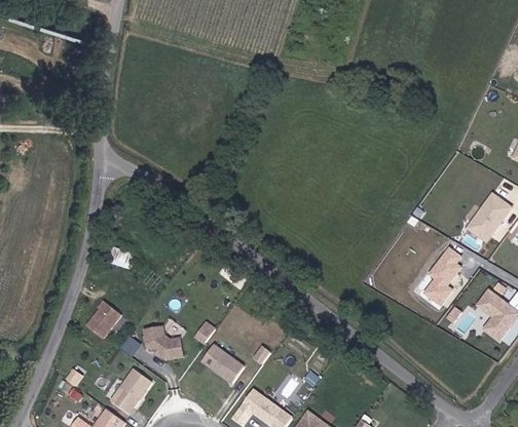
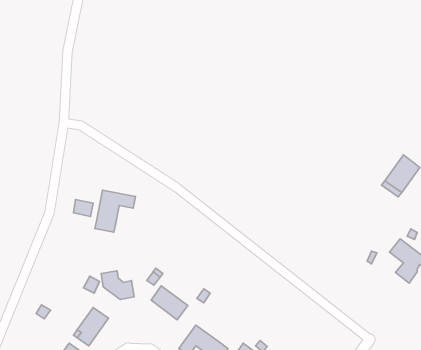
building: none -> [95,190,136,232]
building: [423,248,459,305] -> none
building: [85,301,120,338] -> none

